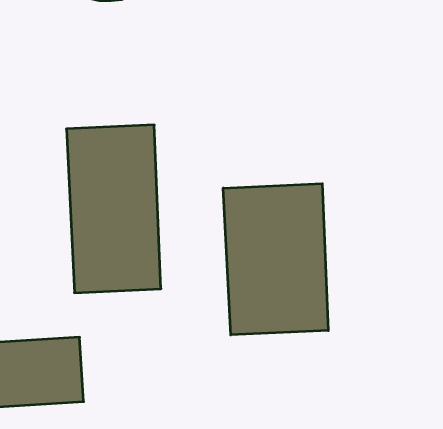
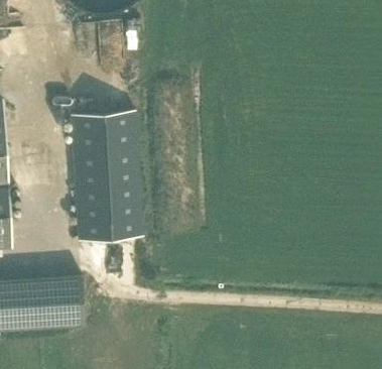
building: [223,184,328,335] -> none

